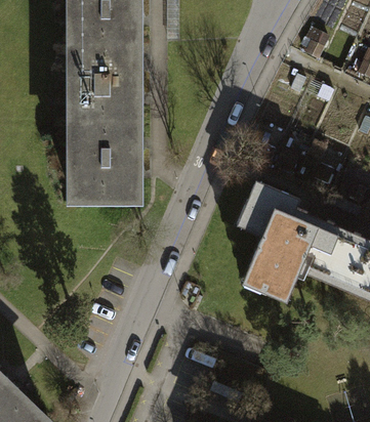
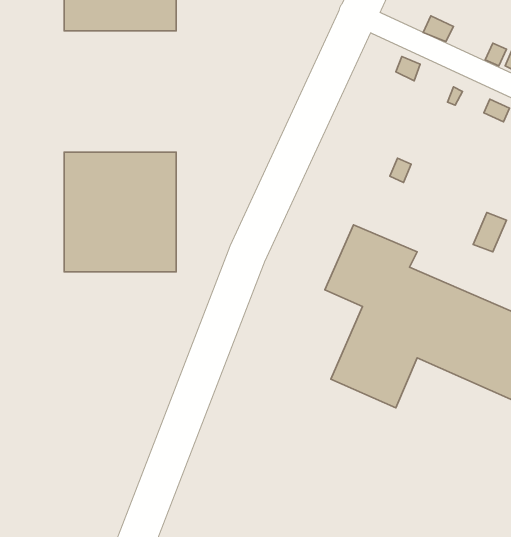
building: [64,48,139,130] -> none

